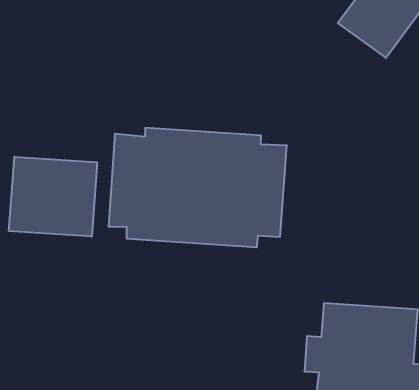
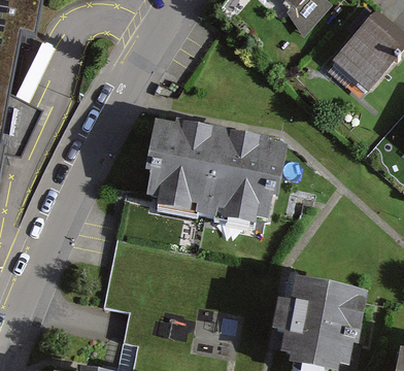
building: [9,157,97,237] -> none

